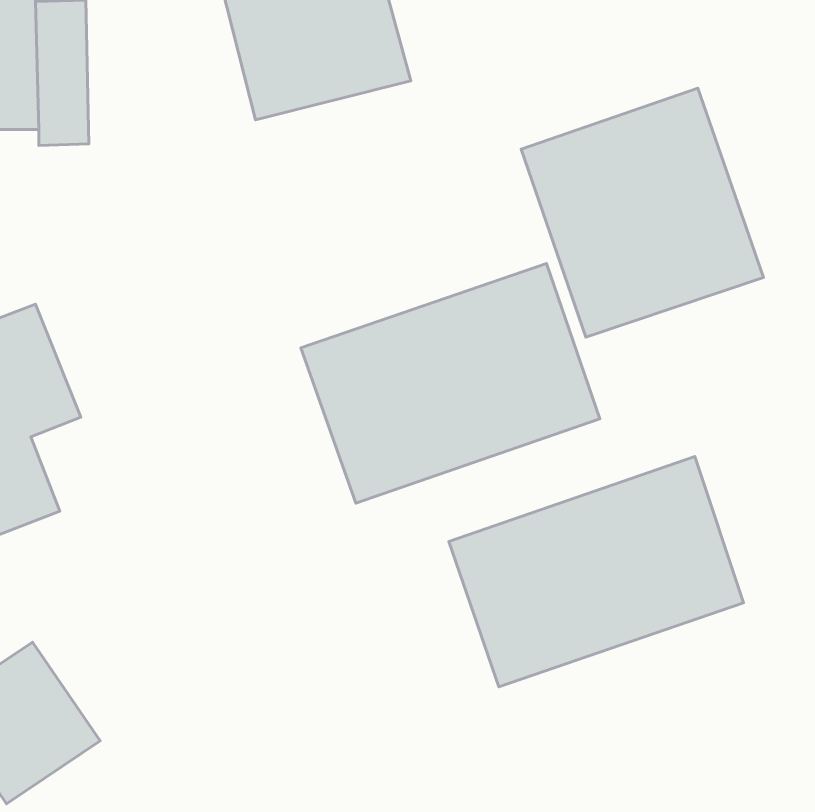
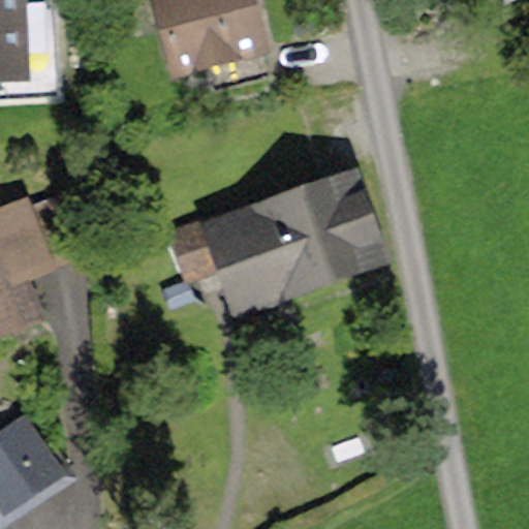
building: [521,88,763,337] -> none
building: [449,456,743,687] -> none

